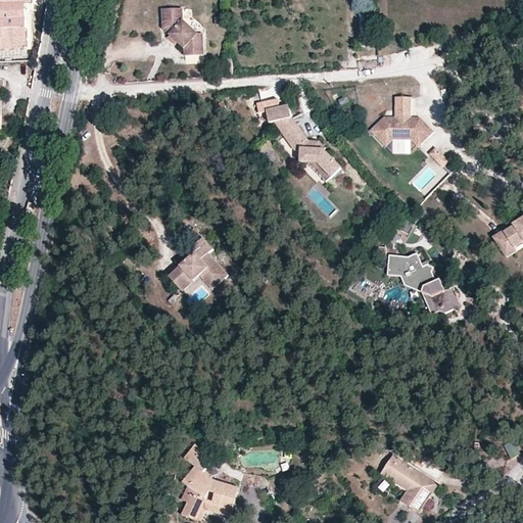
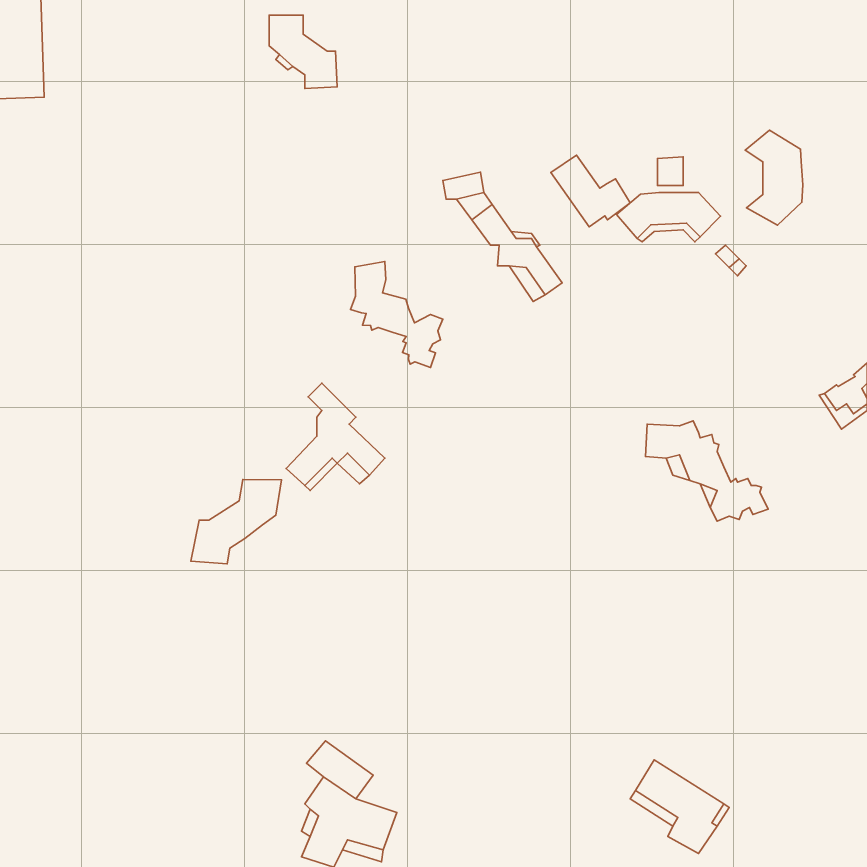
building: none -> [745,130,803,225]
building: none -> [551,155,630,227]
building: none -> [350,261,443,368]
building: none -> [191,479,281,564]

